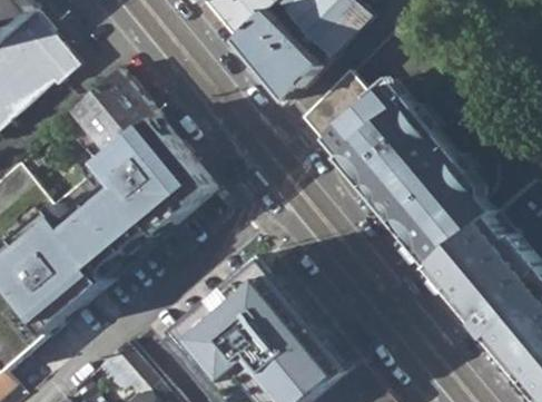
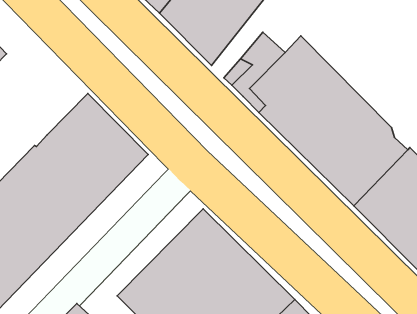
building: [66,73,151,161] -> none

